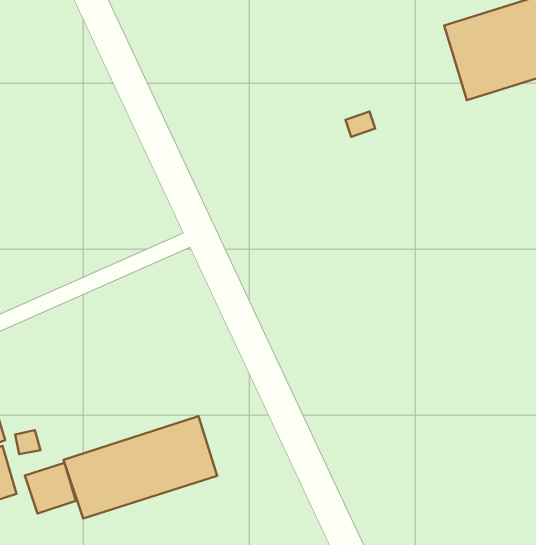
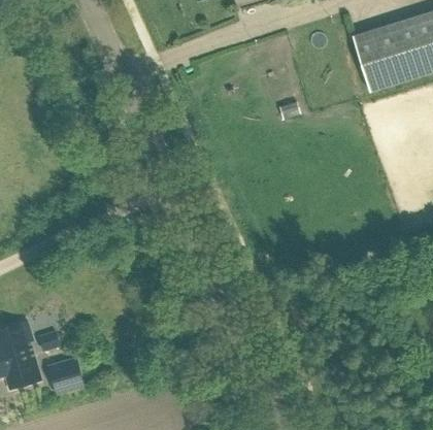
building: [64,416,217,519] -> none

